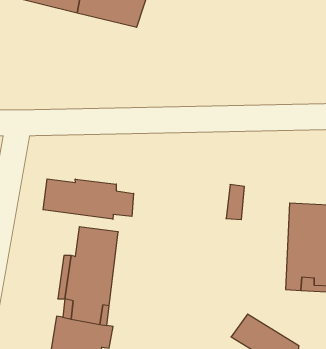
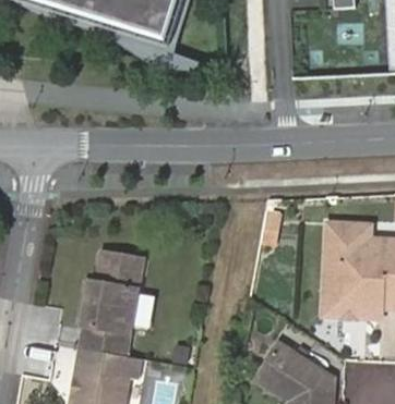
building: [43,179,134,219] -> none

